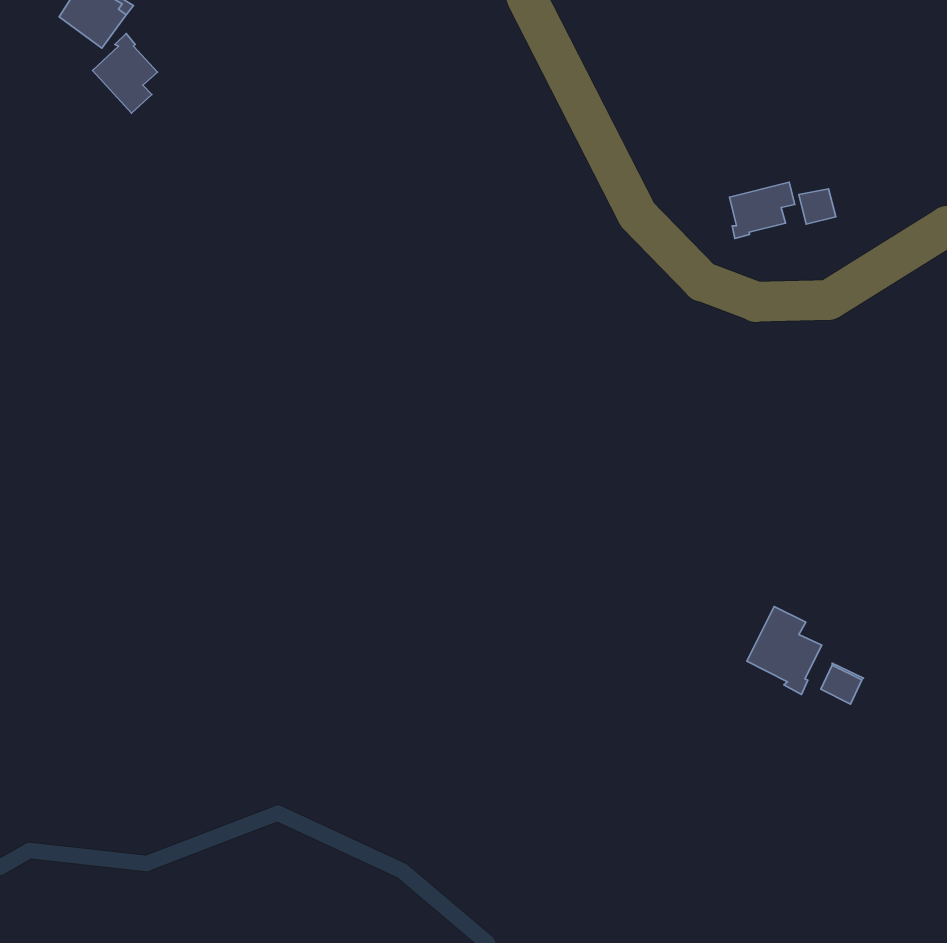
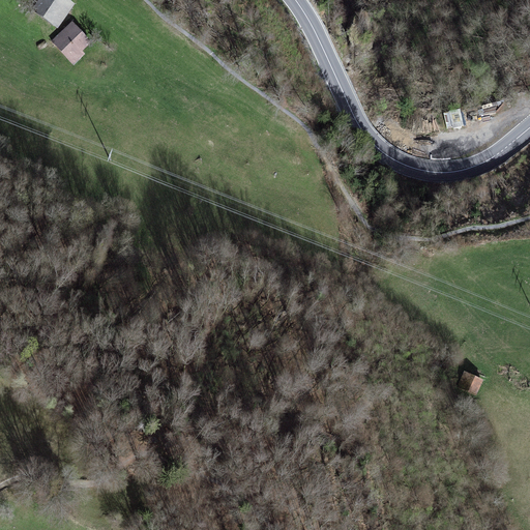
building: [730,182,795,239] -> none
building: [747,606,822,694] -> none

